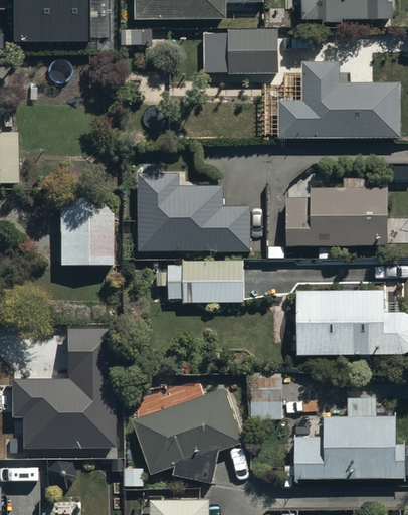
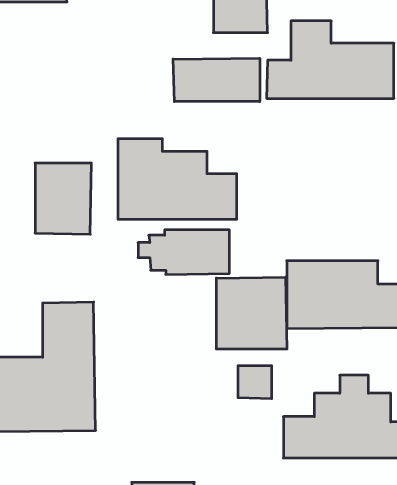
building: none -> [173,58,260,102]
building: [285,178,388,244] -> none
building: none -> [216,277,287,349]
building: [131,388,242,484] -> none

